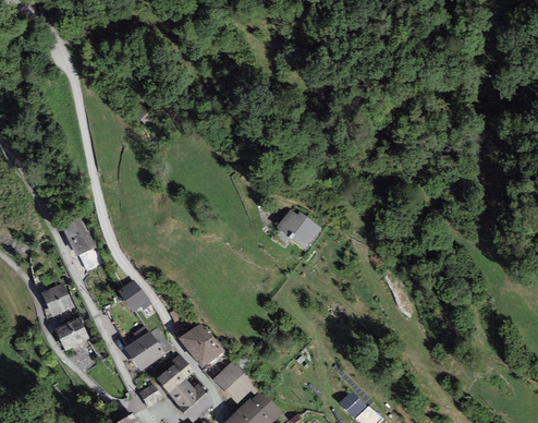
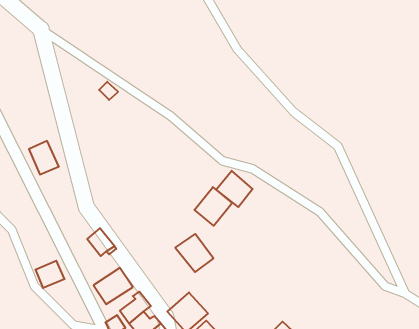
building: [61,215,97,255] -> [29,141,59,175]
building: none -> [194,187,232,226]
building: [39,282,73,316] -> none
building: [178,322,223,367] -> [175,234,213,272]

